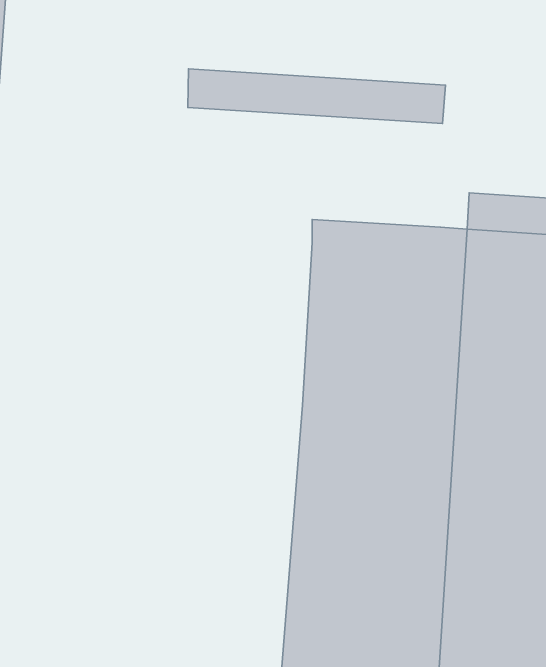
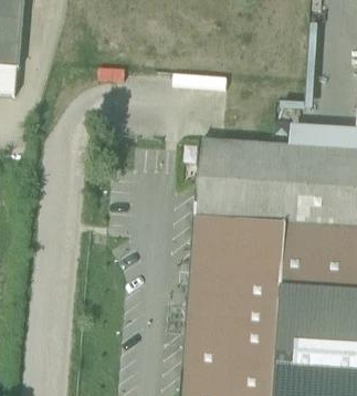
building: [188,69,446,124] -> none

